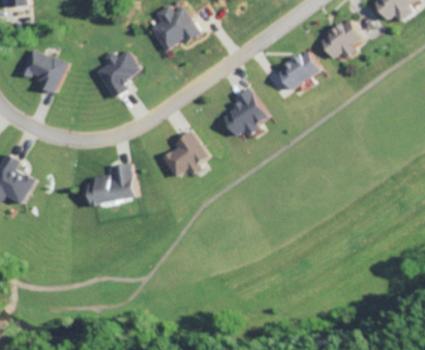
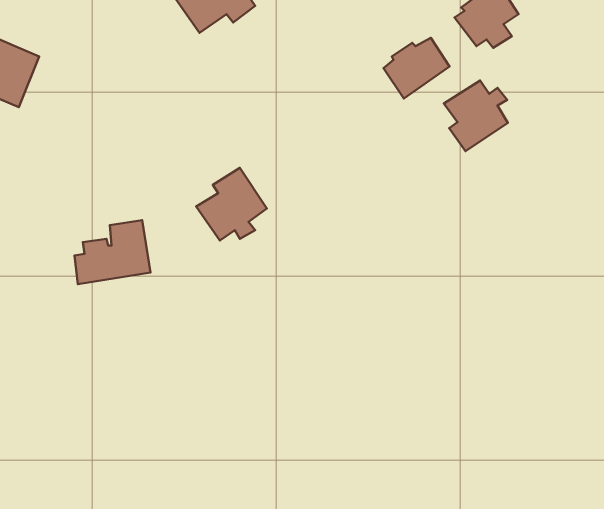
building: [96,51,139,97] -> none
building: none -> [444,80,508,151]
building: [224,89,267,137] -> none

